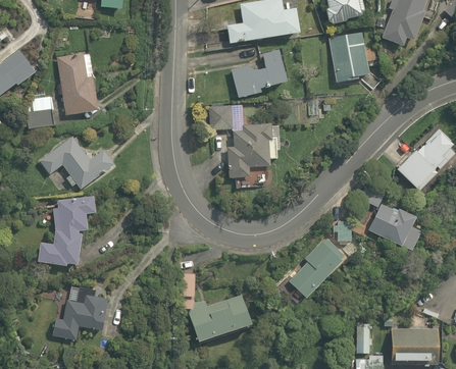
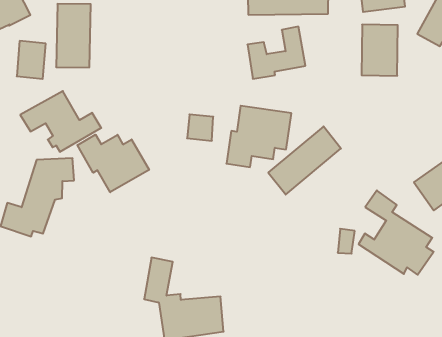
building: [208,107,232,129] -> [187,114,213,141]
building: none -> [77,135,149,192]
building: [282,241,343,306] -> [268,126,341,195]
building: [53,284,110,342] -> none

